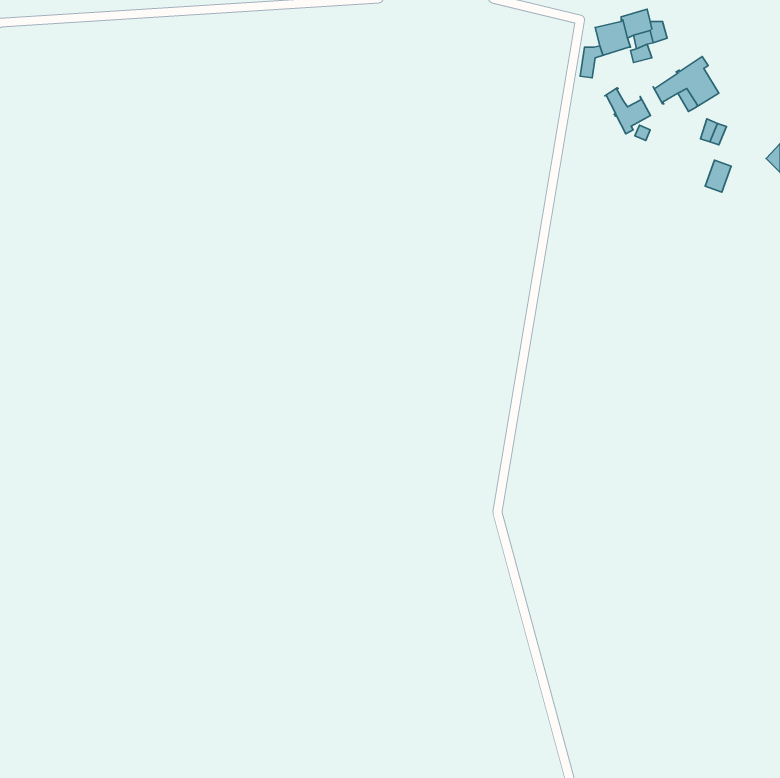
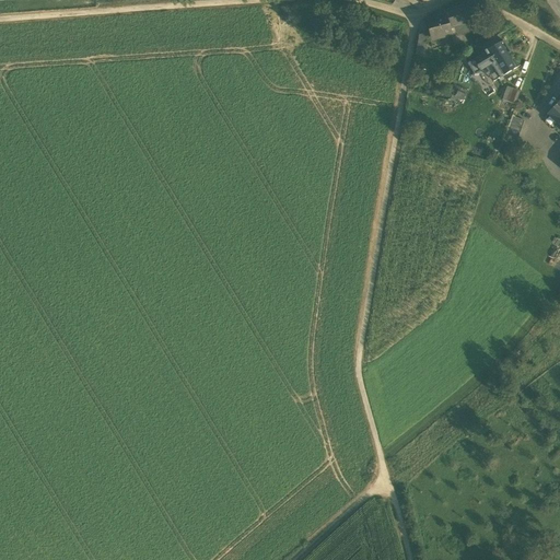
building: [605,88,651,134] -> none

